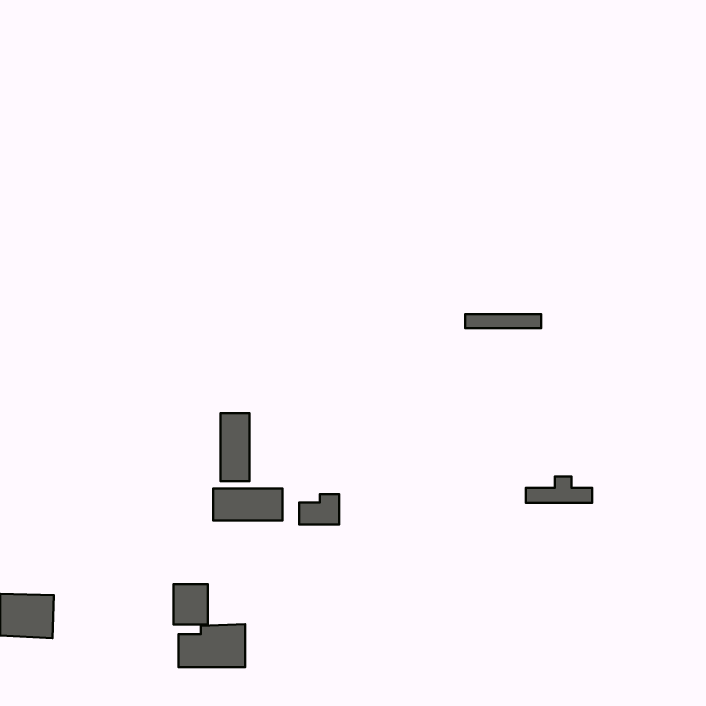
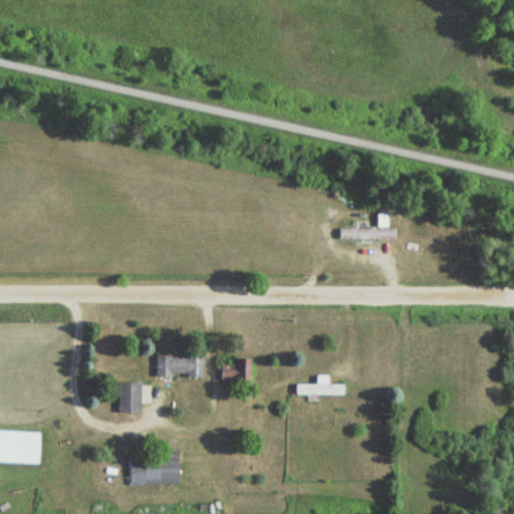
building: [221,413,249,481] -> none
building: [526,477,592,503] -> [295,376,343,396]
building: [173,584,208,624] -> [117,382,143,412]

